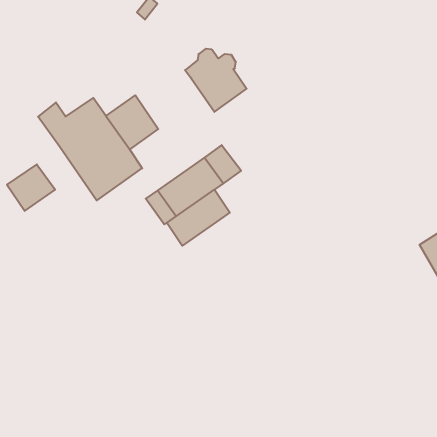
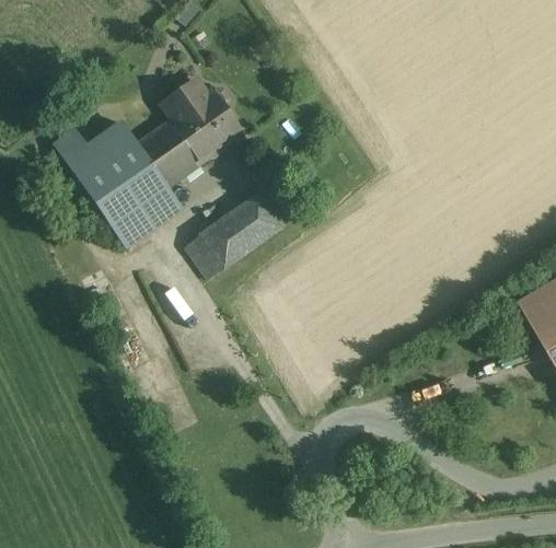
building: [185,49,247,112] -> [164,82,240,160]
building: [7,164,55,211] -> none
building: [167,190,230,246] -> none

